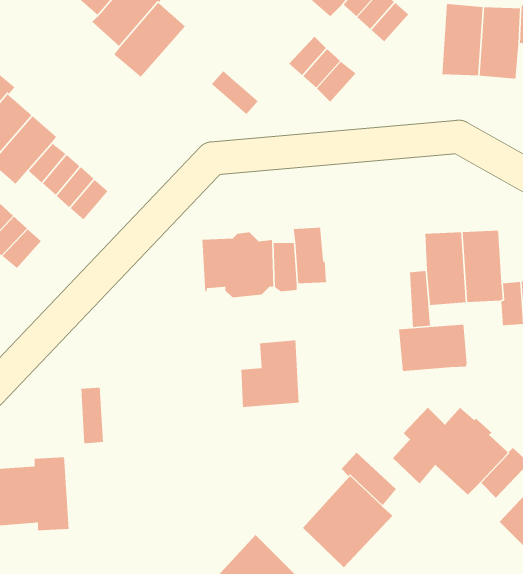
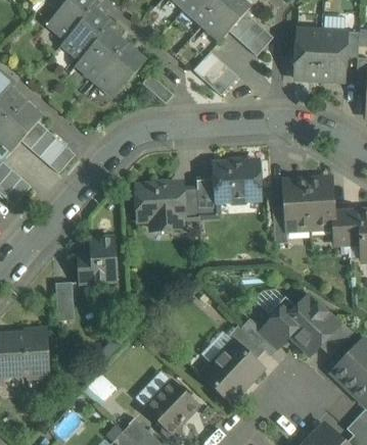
building: none -> [96,46,144,96]
building: none -> [215,162,260,200]
building: [398,324,468,372] -> none
building: [241,340,299,408] -> [78,238,117,283]

